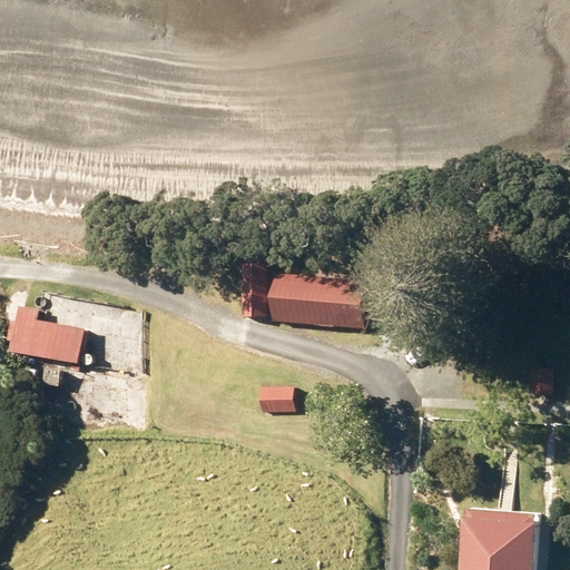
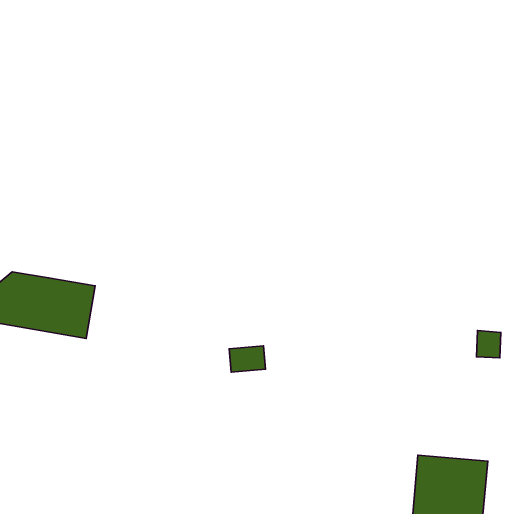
building: [268,277,364,332] -> none

